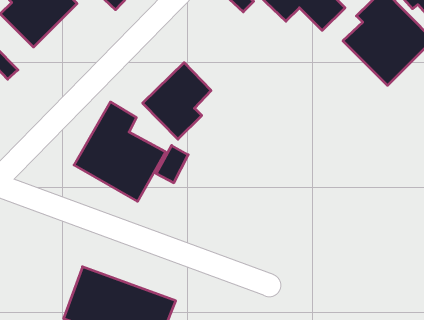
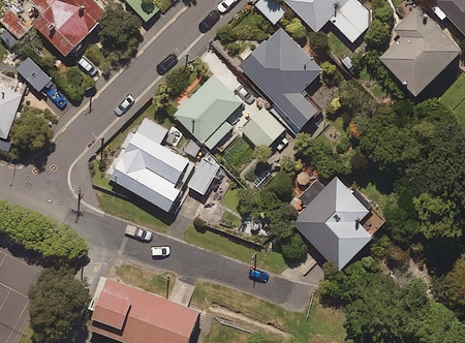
building: none -> [239,28,321,130]
building: none -> [239,105,282,149]
building: none -> [290,178,386,272]

